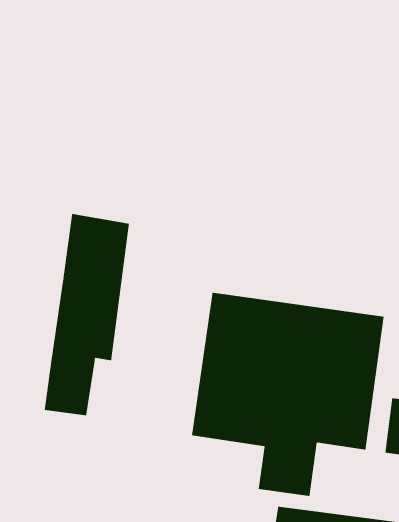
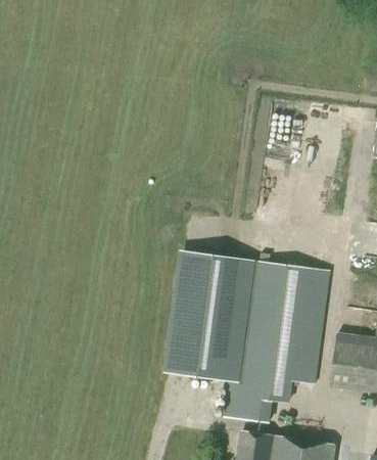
building: [44,213,130,416] -> none

